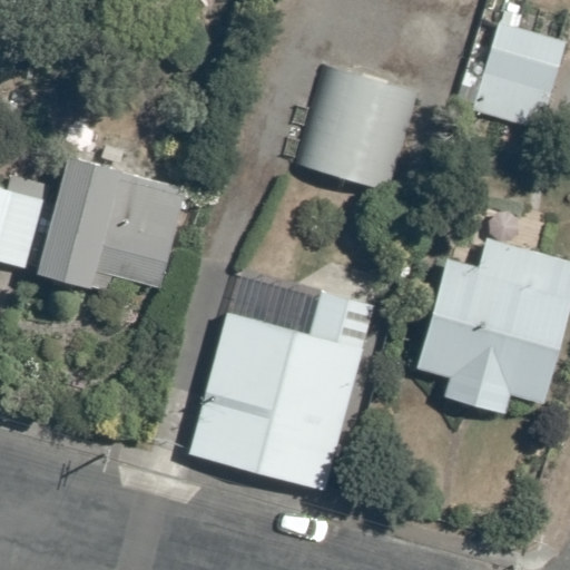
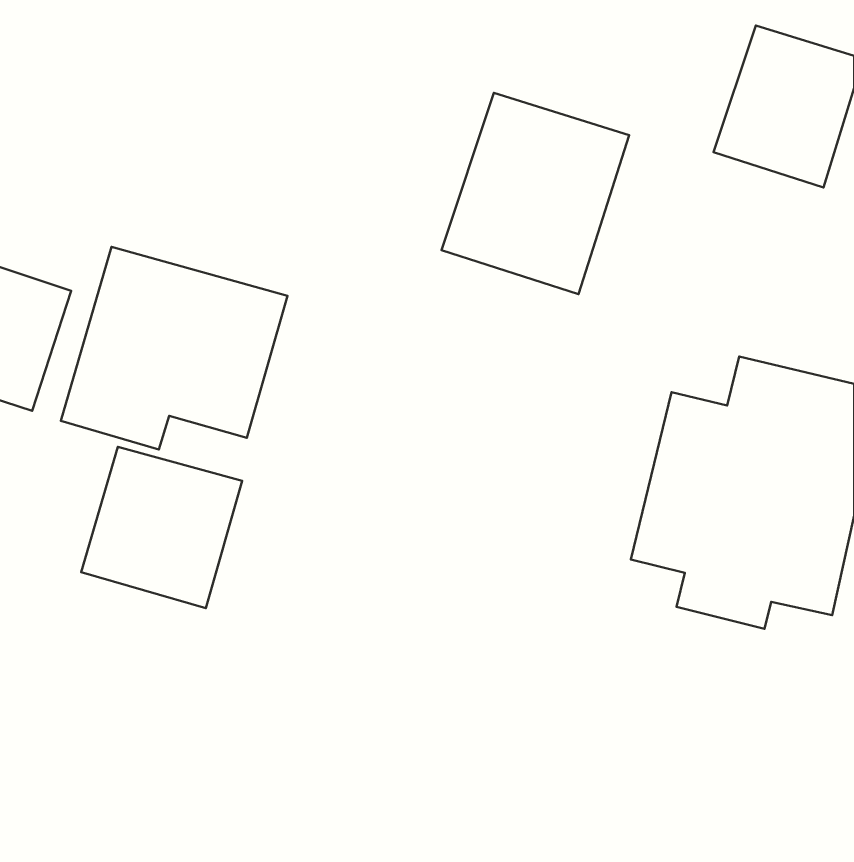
building: [190,289,377,490] -> none
building: none -> [81,447,242,608]

